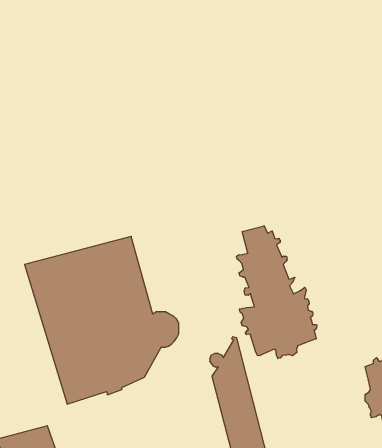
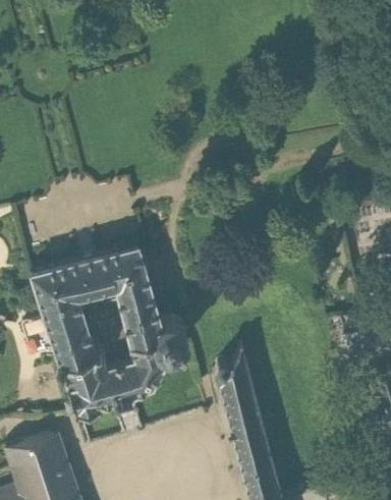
building: [237,226,317,359] -> none

